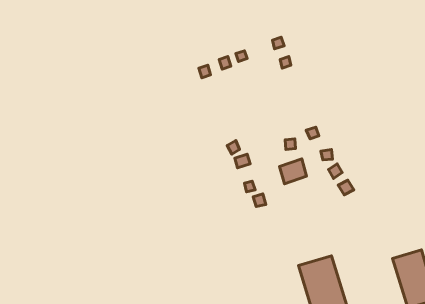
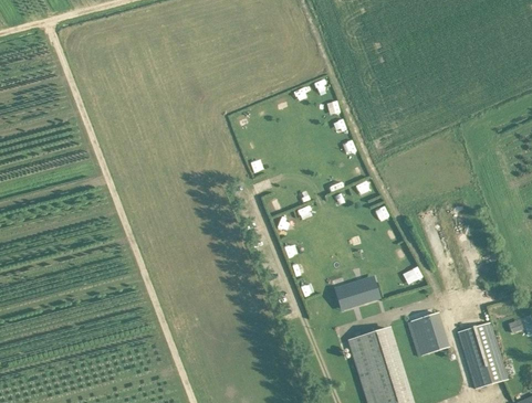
building: [280,159,307,184] -> [345,278,376,307]
building: none -> [409,310,446,354]

